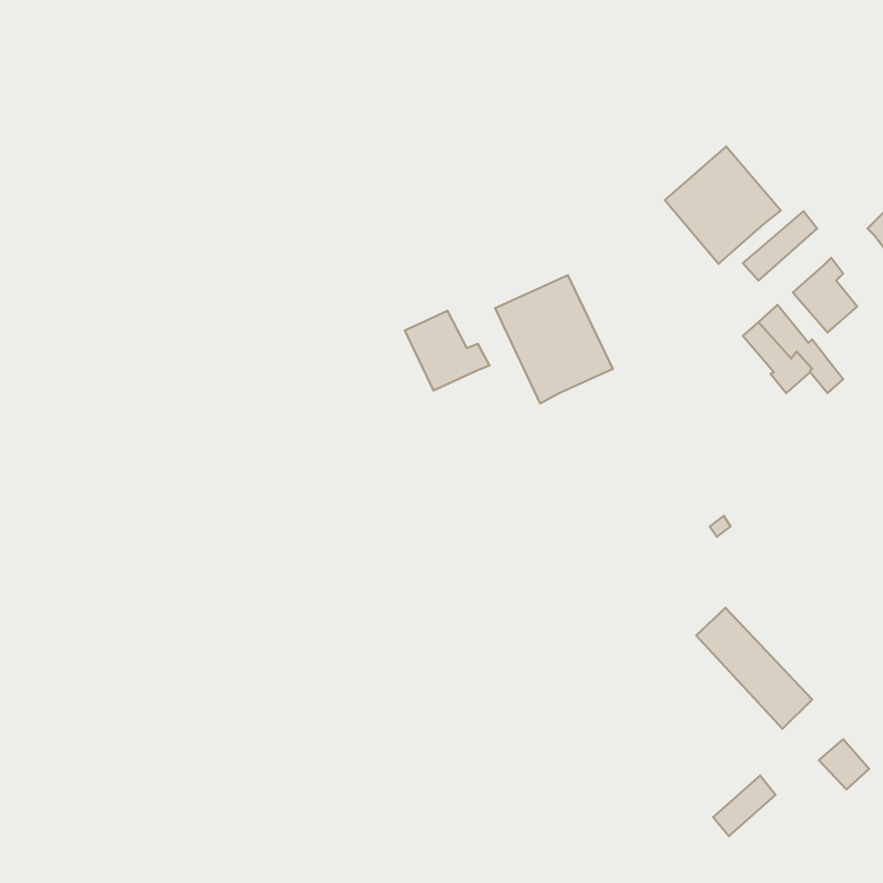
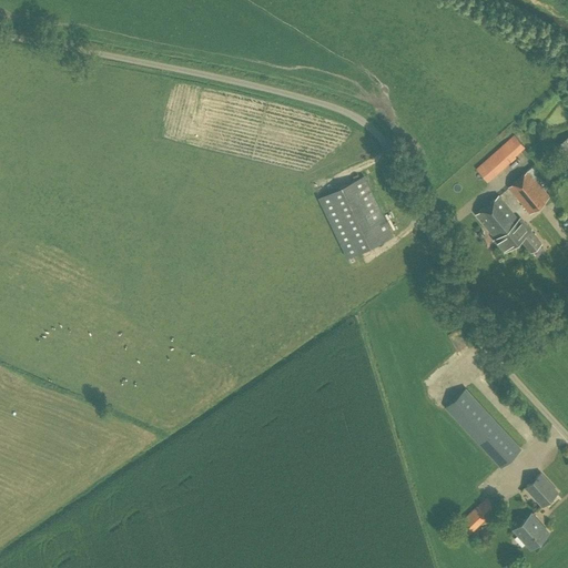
building: [665,146,781,264] -> none
building: [405,311,490,391] -> none
building: none -> [515,515,549,549]

